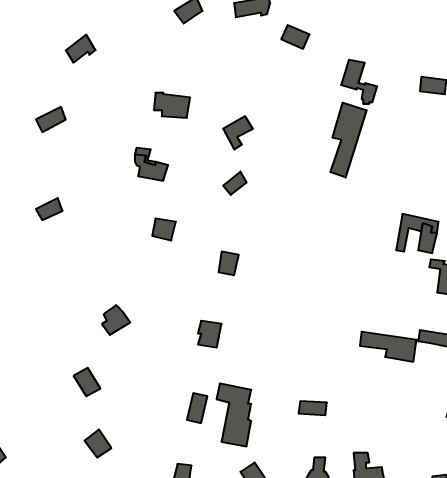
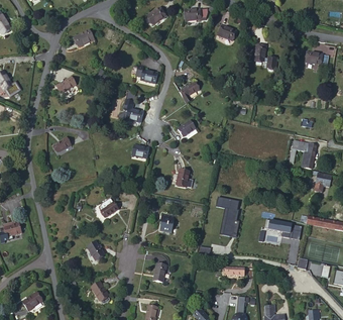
building: [330,103,367,178] -> none
building: [217,383,251,446] -> [217,196,239,236]

